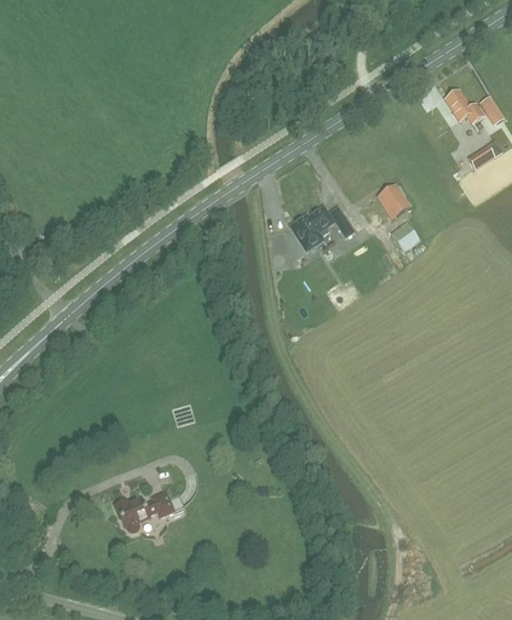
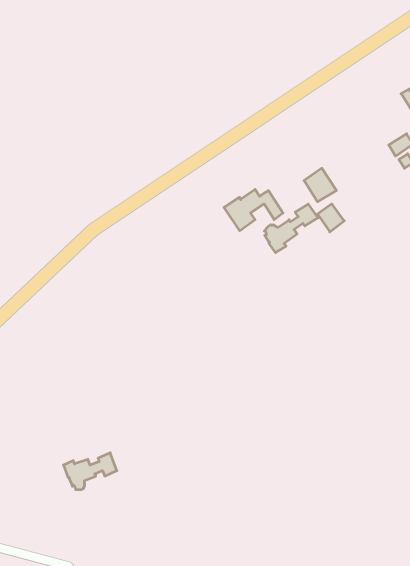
building: [444,90,483,124] -> none
building: none -> [264,204,318,253]

